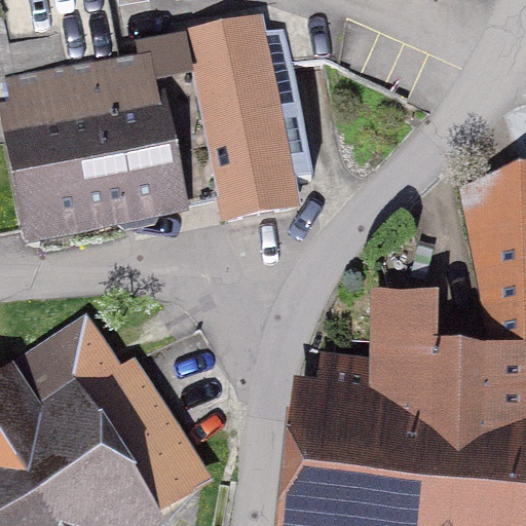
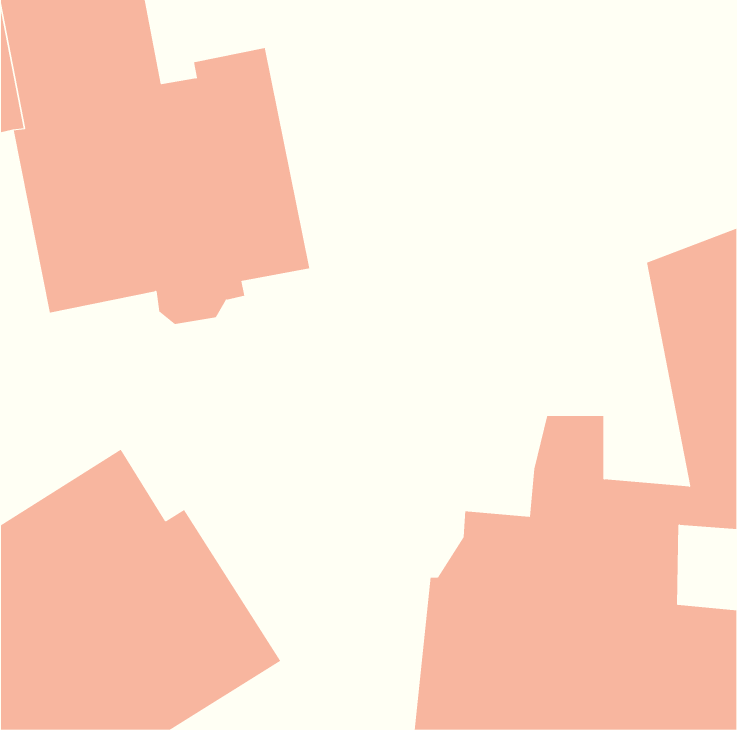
building: [189,20,311,217] -> none

